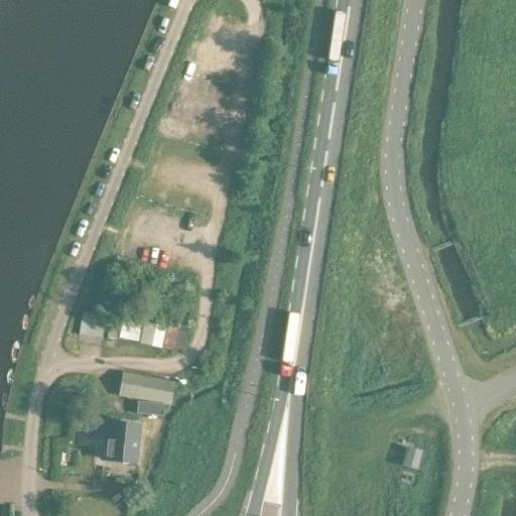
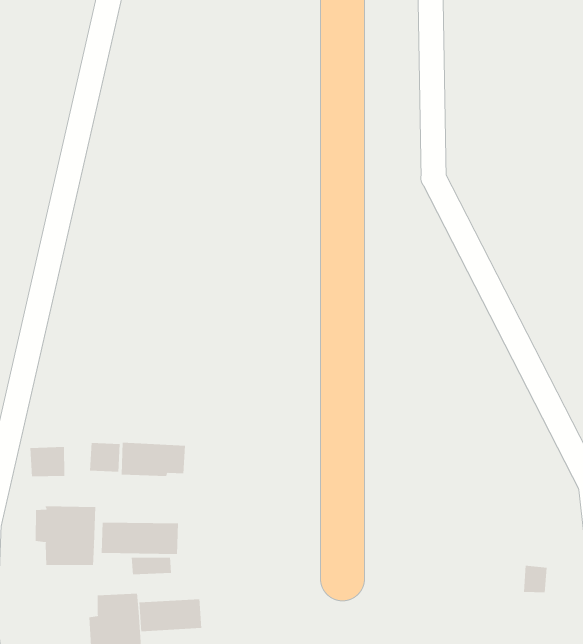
building: none -> [35,506,96,566]
building: none -> [139,599,202,632]

